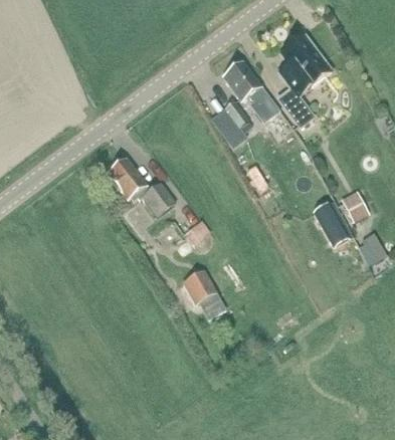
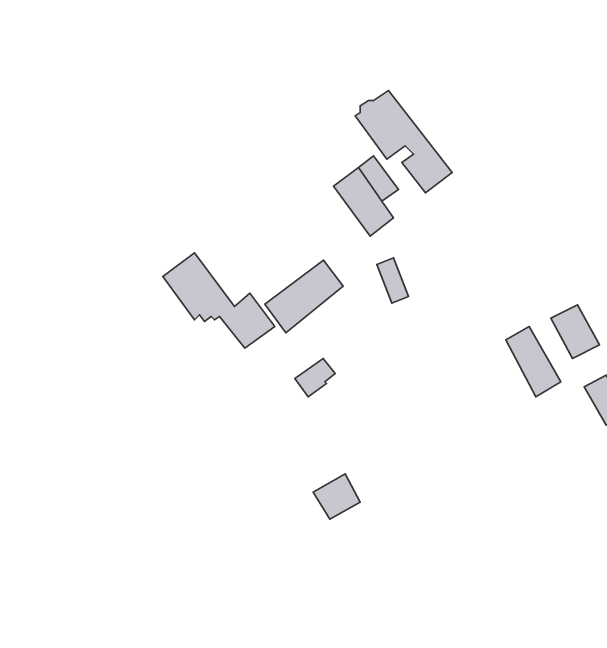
building: [278,34,332,126] -> none
building: none -> [265,260,343,333]
building: [182,268,218,304] -> none

